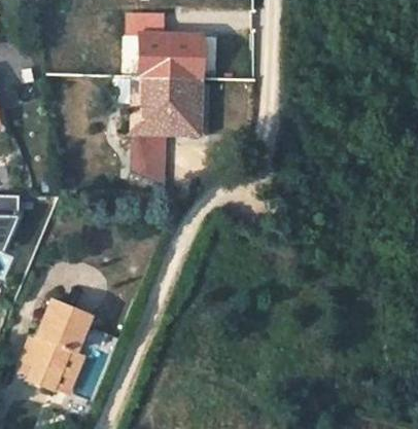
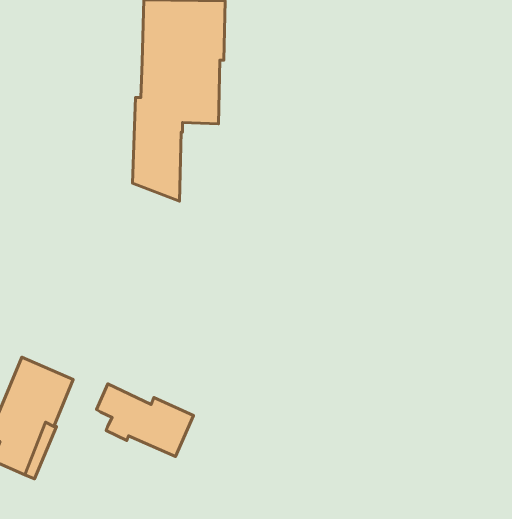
building: none -> [97,384,193,457]

